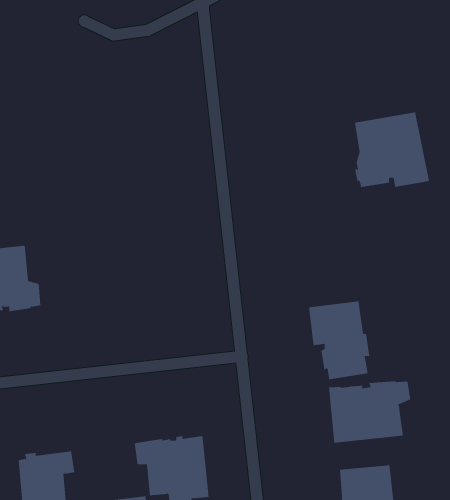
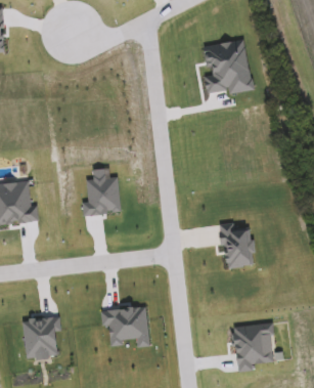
building: [354,112,430,188] -> [203,42,253,92]
building: none -> [83,167,122,215]
building: [329,380,411,443] -> none

